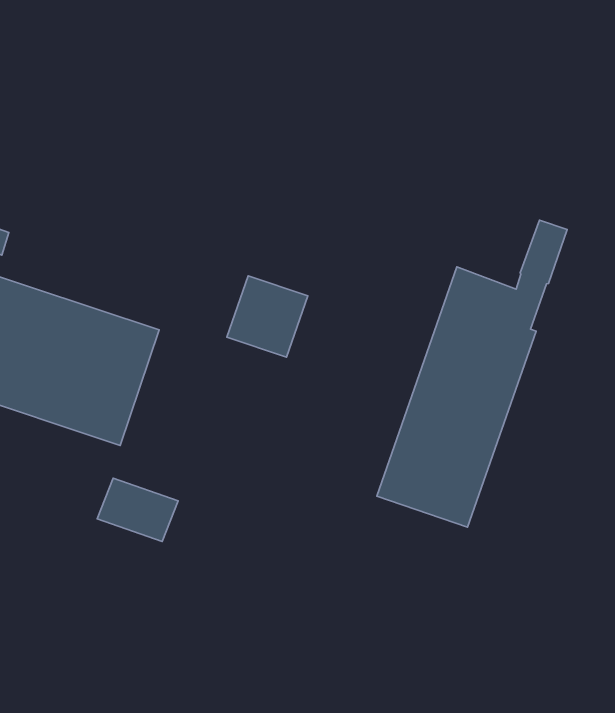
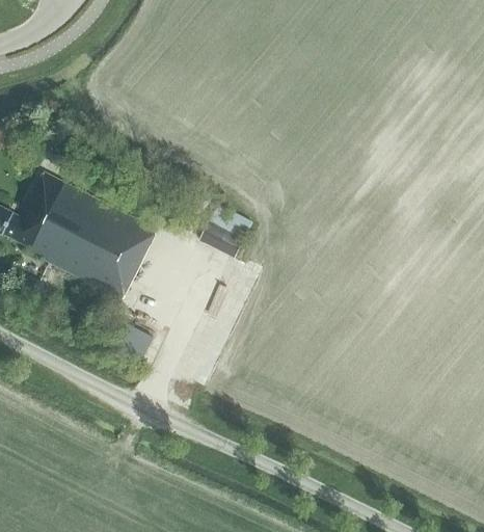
building: [377,220,567,527] -> none

